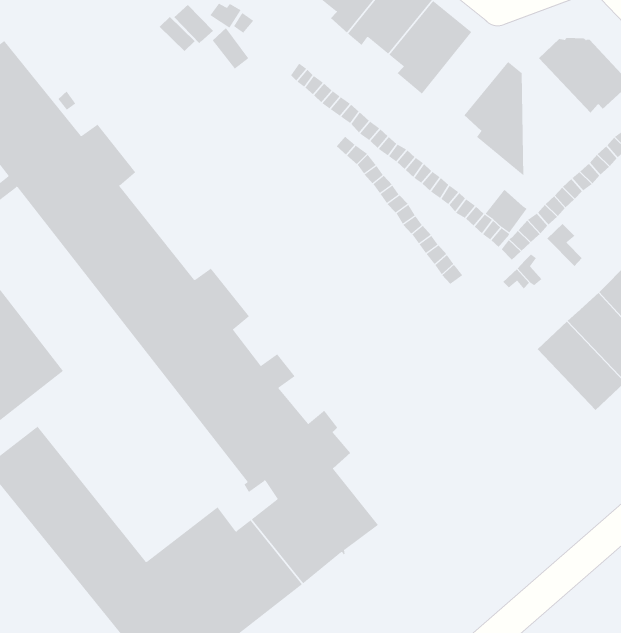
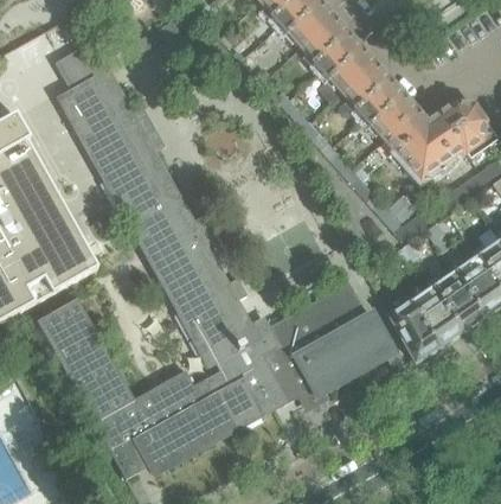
building: none -> [359,87,418,140]
building: none -> [417,110,467,186]
building: none -> [263,285,397,407]
building: none -> [388,300,439,363]

